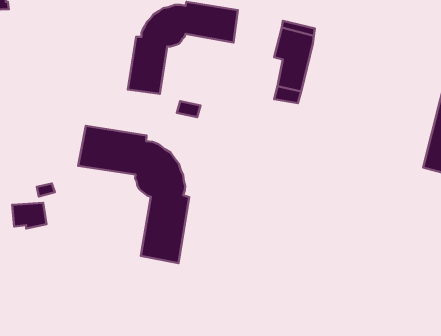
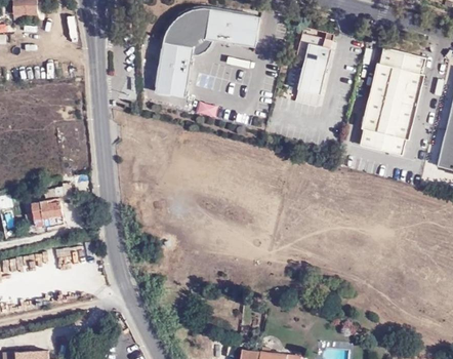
building: none -> [357,46,423,154]
building: [78,126,189,263] -> none

